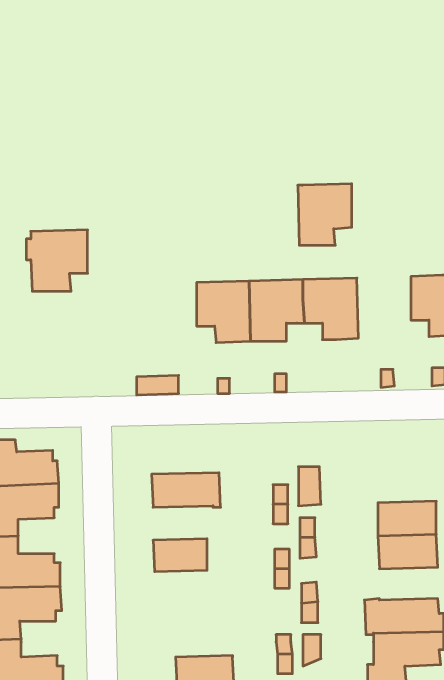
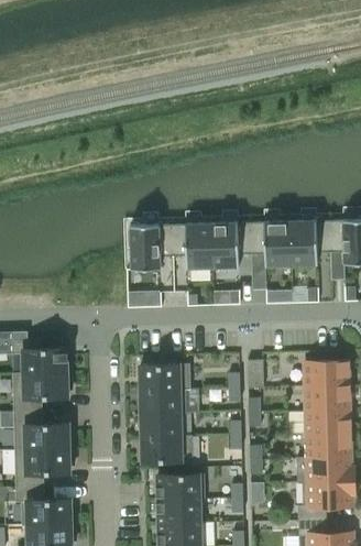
building: [298,184,352,245] -> [291,220,330,265]
building: [26,230,88,291] -> [128,225,173,270]
building: none -> [305,361,349,386]
building: none -> [141,389,186,414]
building: none -> [307,434,350,458]
building: none -> [142,435,193,462]
building: none -> [157,474,205,500]

